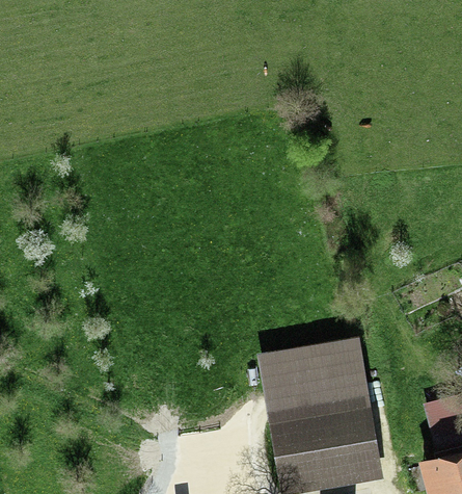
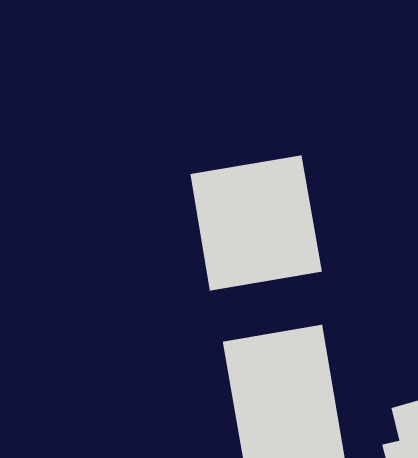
building: none -> [190,154,323,292]

